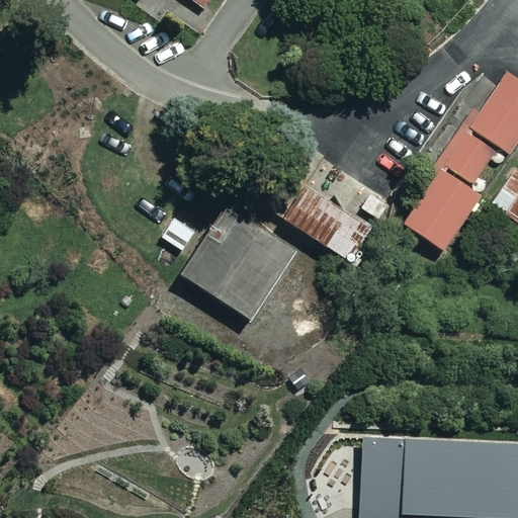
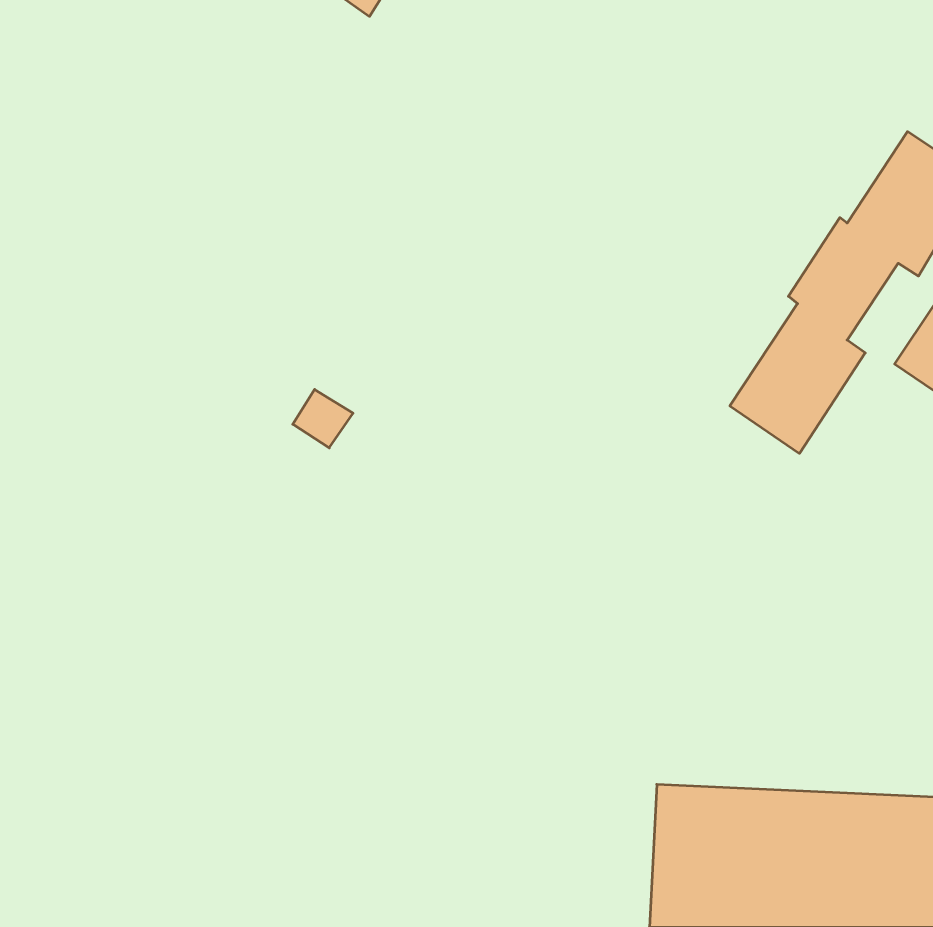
building: [283,187,370,261] -> none
building: [181,207,293,320] -> none

